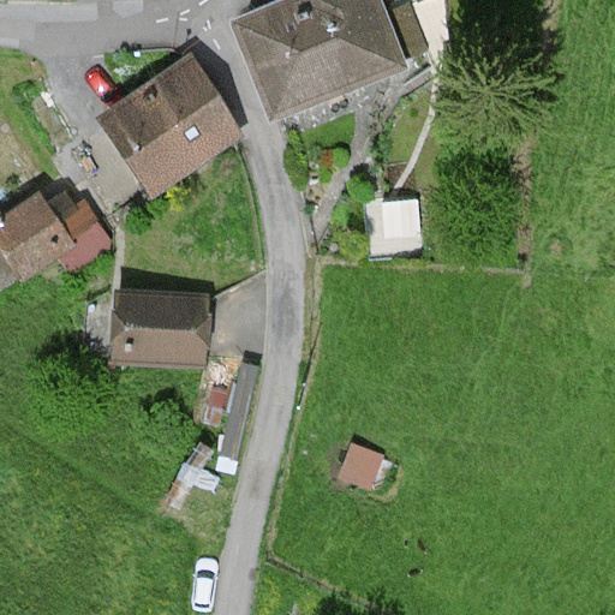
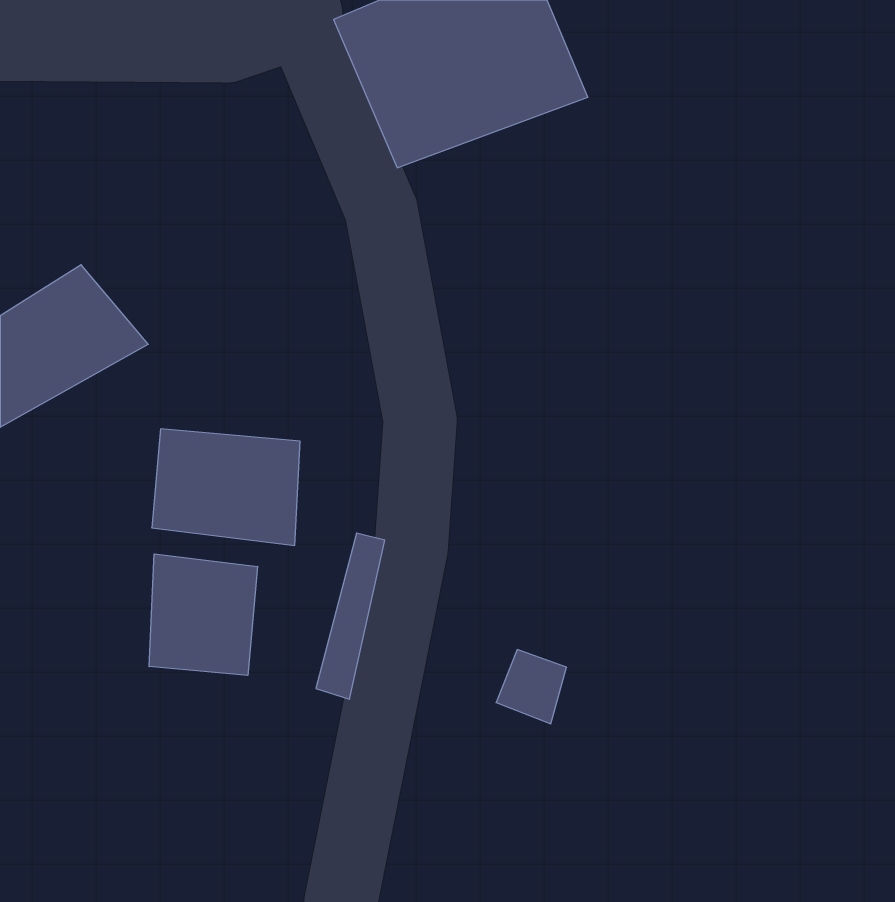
building: [94,50,240,193] -> none
building: none -> [149,554,258,675]

